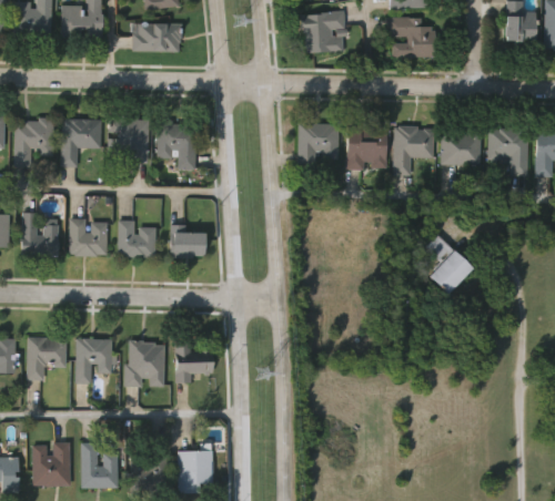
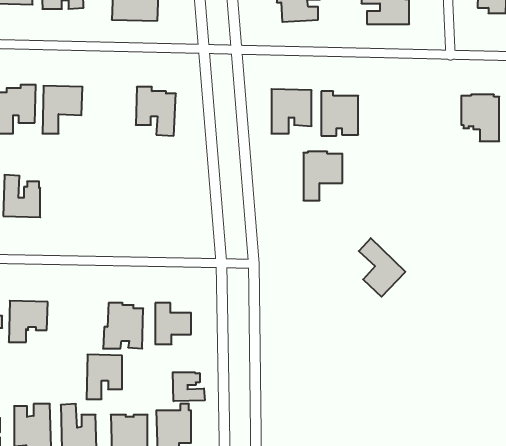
building: [108,120,149,163] -> none
building: [395,124,435,174] -> [303,152,342,200]
building: [443,125,483,164] -> none
building: [69,218,108,256] -> none
building: [118,221,155,257] -> none
building: [169,224,204,258] -> none
building: [425,235,473,295] -> [359,238,405,297]
building: [75,338,112,384] -> [86,355,122,399]
building: none -> [173,372,205,401]

